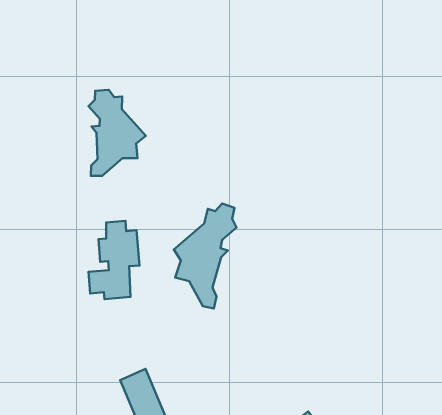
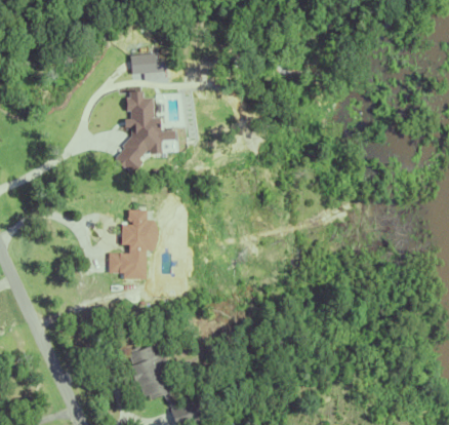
building: none -> [130,53,159,74]
building: [174,204,236,309] -> none

